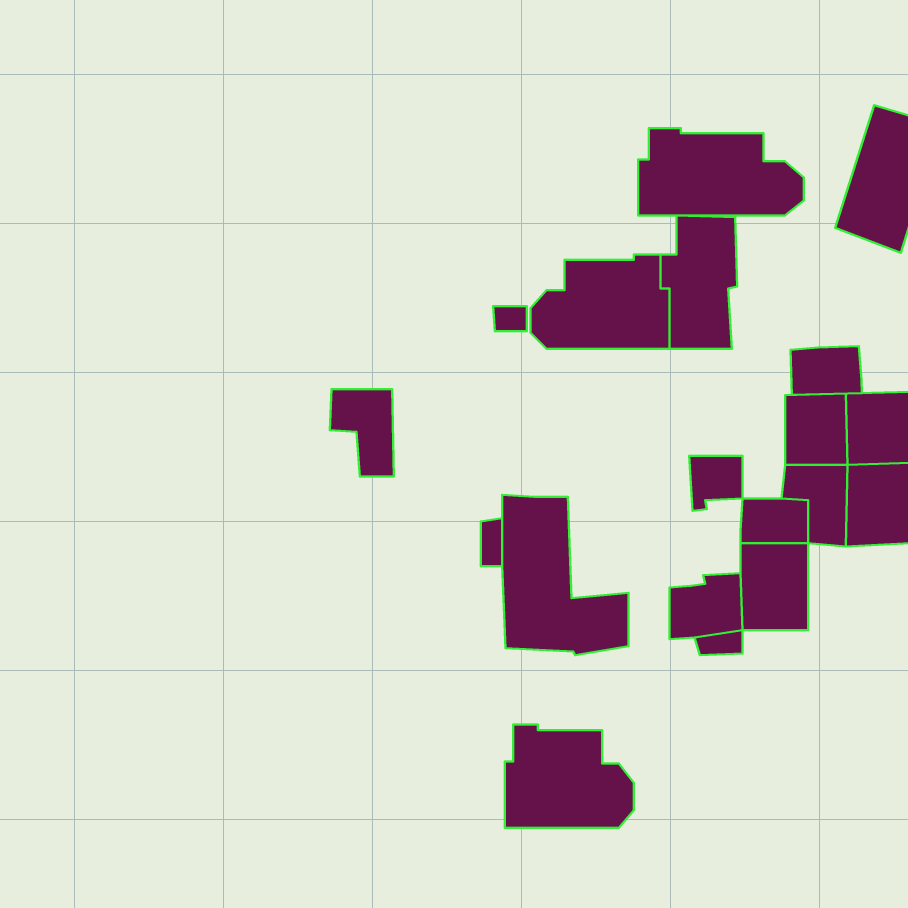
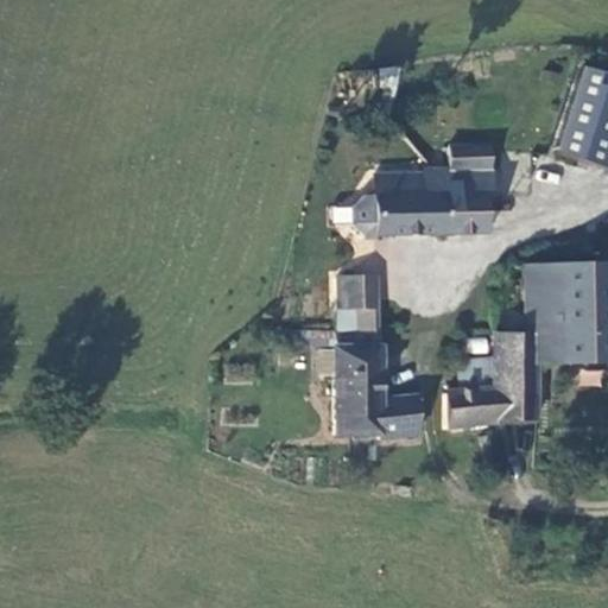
building: [638,128,804,215] -> none
building: [791,346,862,395] -> none
building: [330,389,394,476] -> [337,273,380,331]
building: [689,456,742,511] -> [460,354,495,391]
building: [505,724,634,828] -> none

